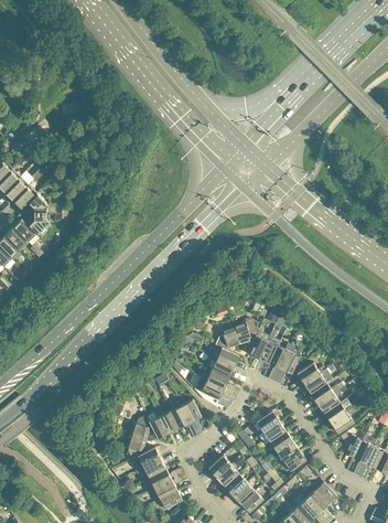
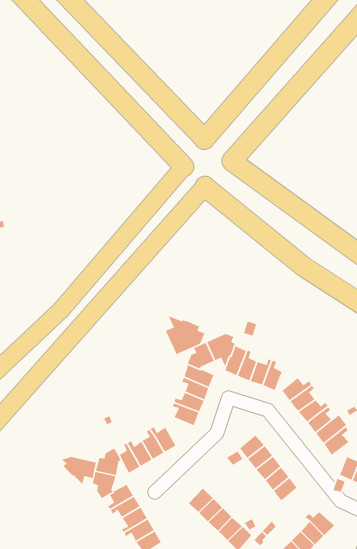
building: none -> [165,315,205,355]
building: none -> [61,456,97,485]

